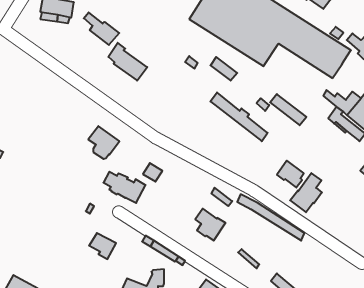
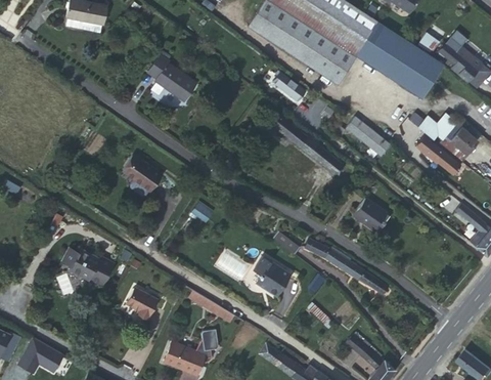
building: [84,12,119,45] -> none
building: [103,172,146,203] -> [63,249,115,287]
building: [290,173,322,212] -> none

